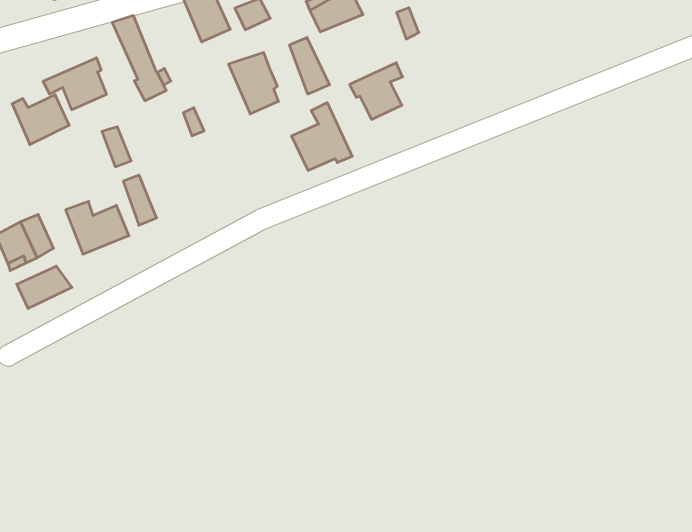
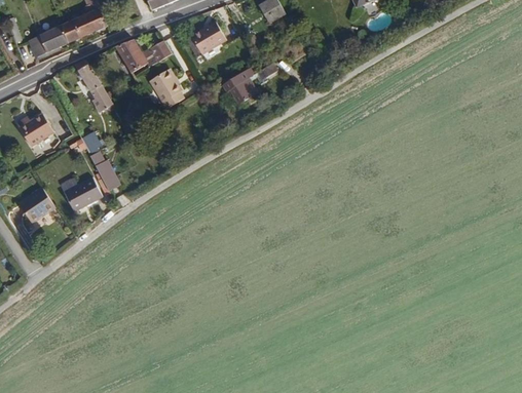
building: [290,37,330,94] -> none
building: [43,58,106,110] -> none
building: [292,103,352,171] -> none
building: [17,266,72,309] -> none

